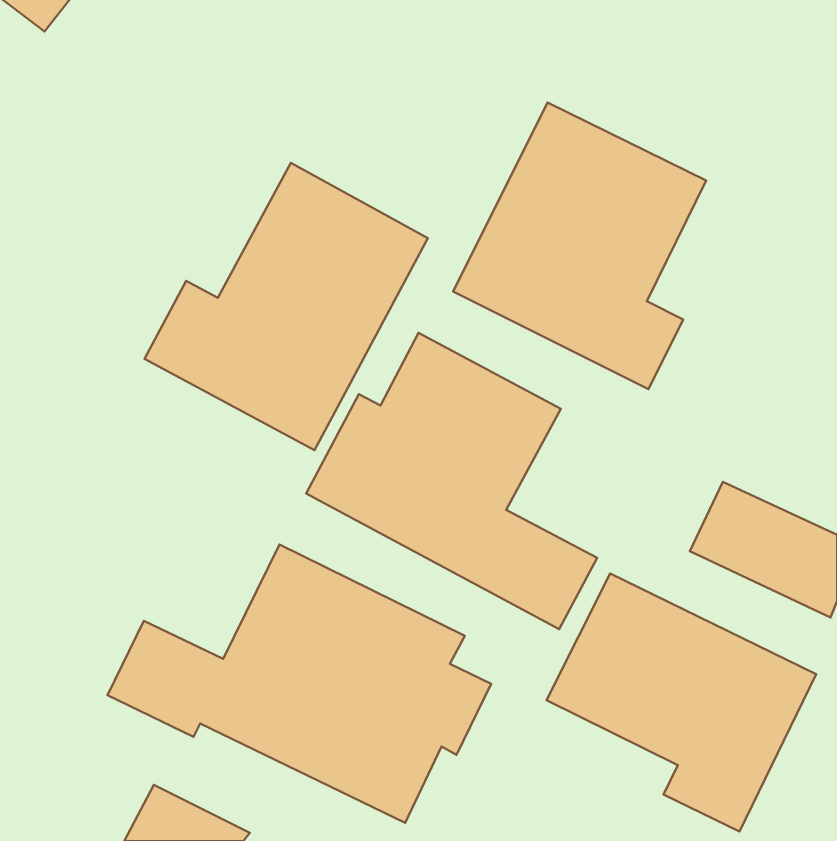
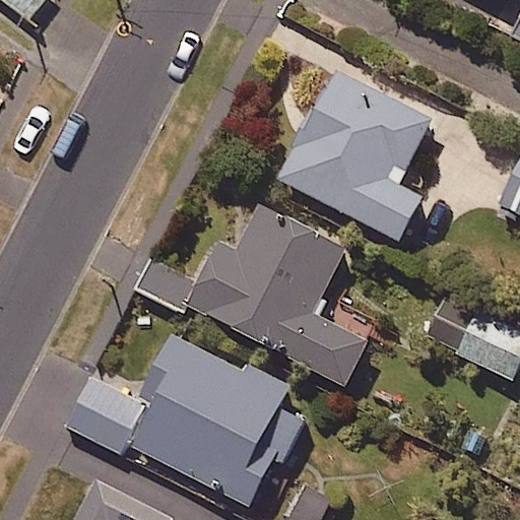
building: [144,163,428,450] -> none
building: [546,574,816,832] -> none

